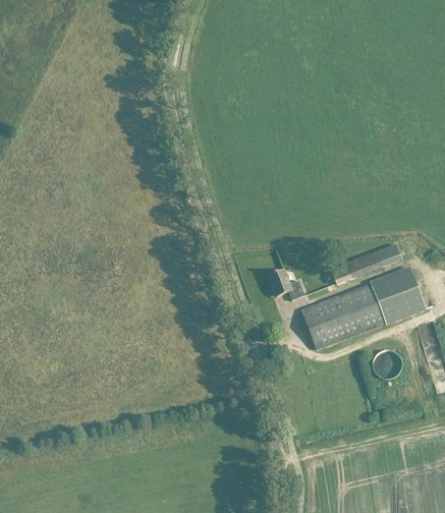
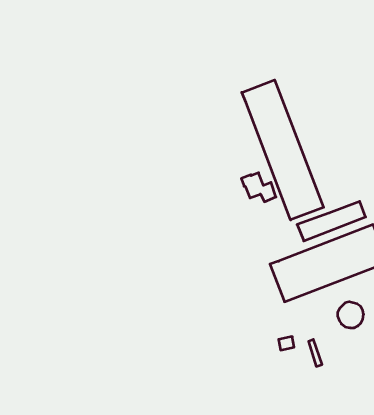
building: none -> [242,80,324,220]
building: [268,270,304,300] -> [241,173,276,202]

